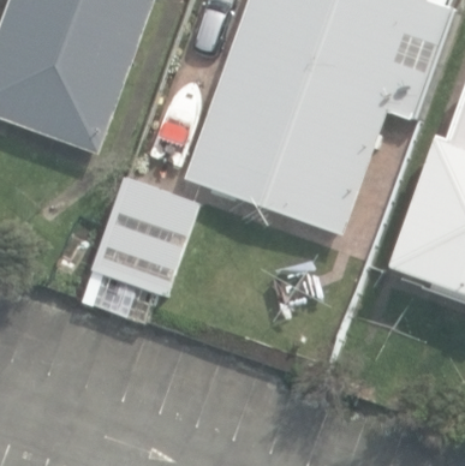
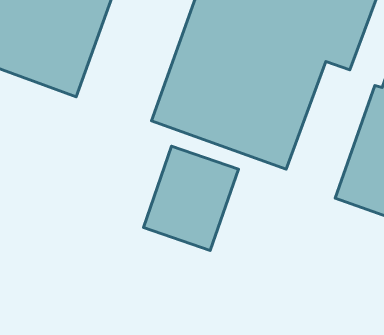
building: [90,177,199,297] -> [143,146,239,251]

